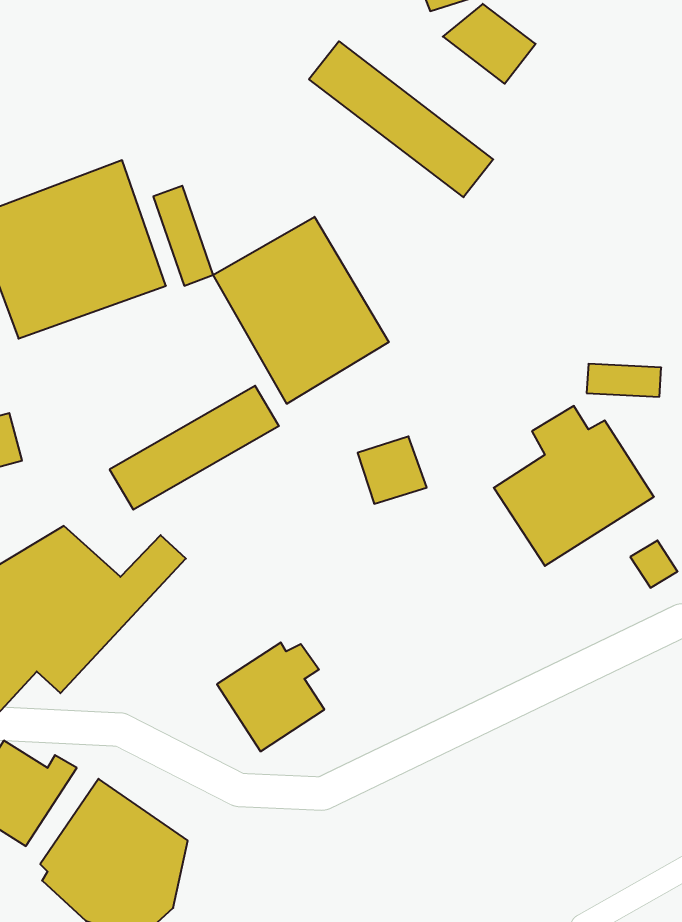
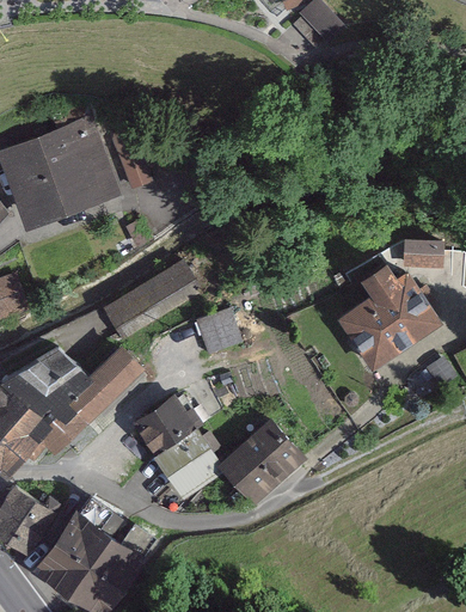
building: [309,41,493,197] -> none
building: [213,217,389,404] -> none
building: [358,436,427,504] -> [198,313,244,357]
building: none -> [133,394,204,454]
building: none -> [221,416,306,500]

